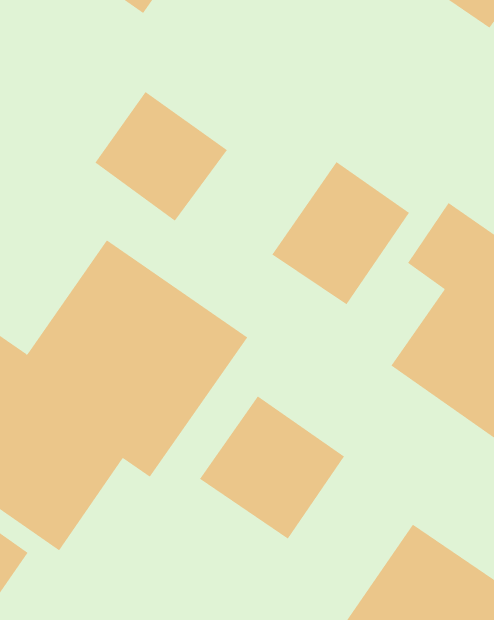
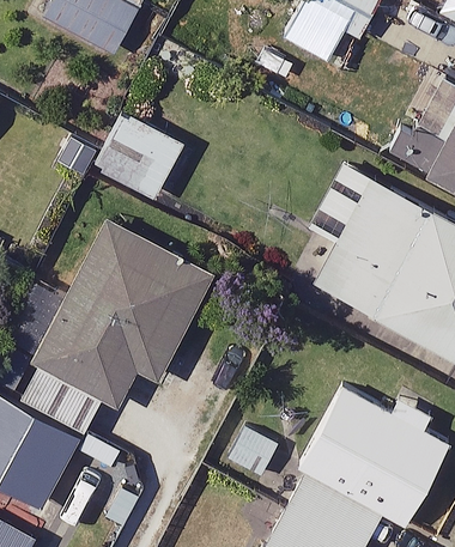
building: [271,161,410,305] -> none
building: [199,395,345,540] -> none

